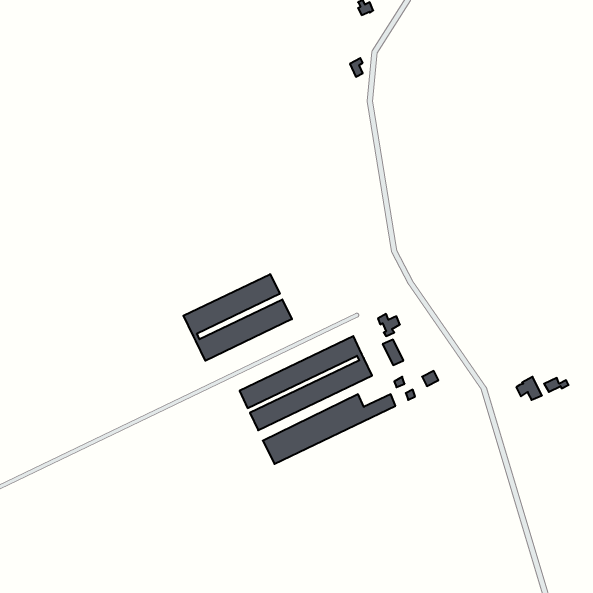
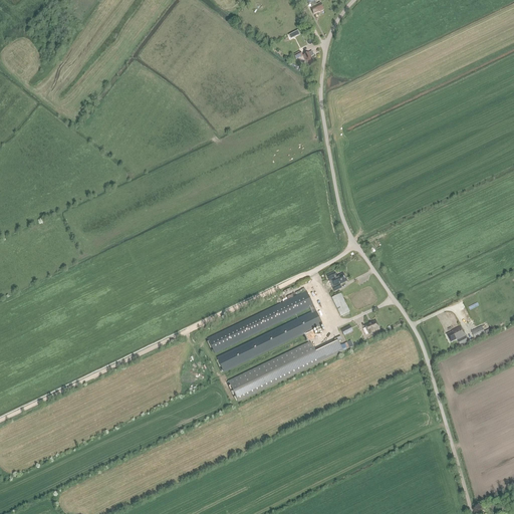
building: [183,274,292,361] -> none

